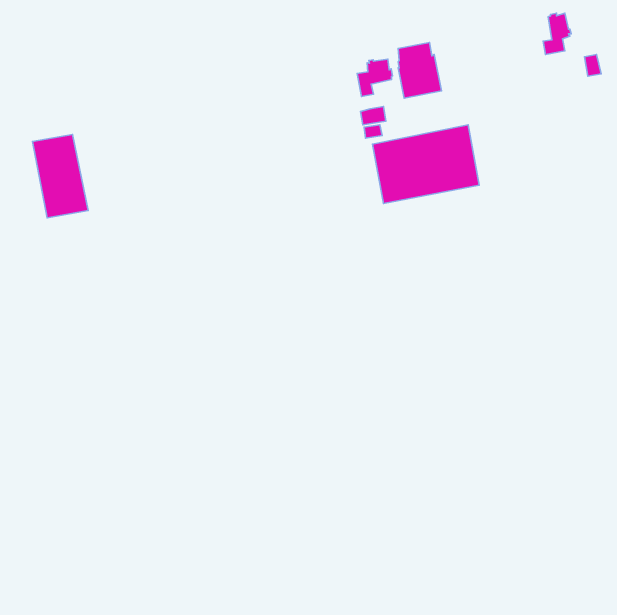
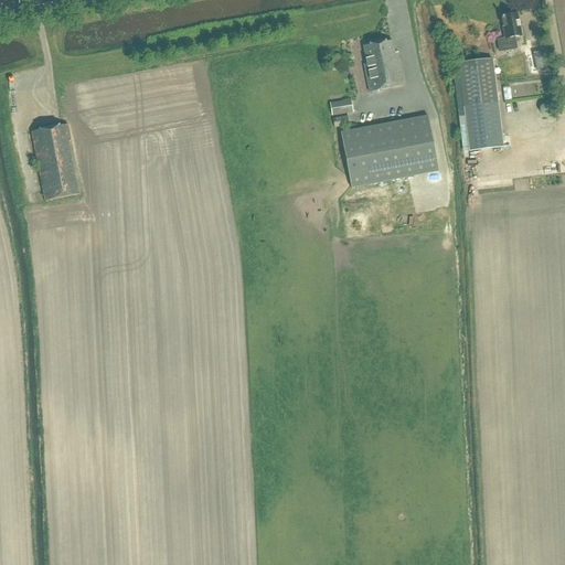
building: [357,59,393,97] -> none
building: none -> [457,57,501,149]

